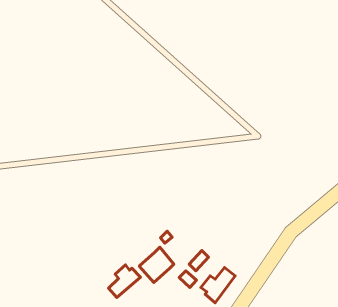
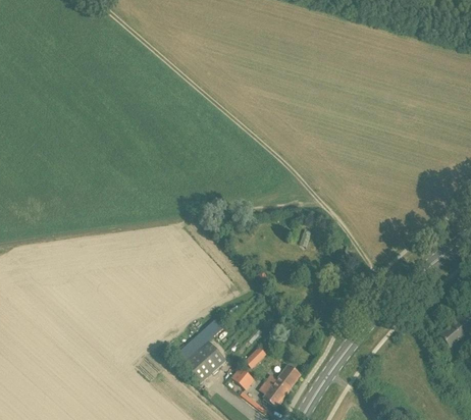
building: [108,265,140,298] -> none

